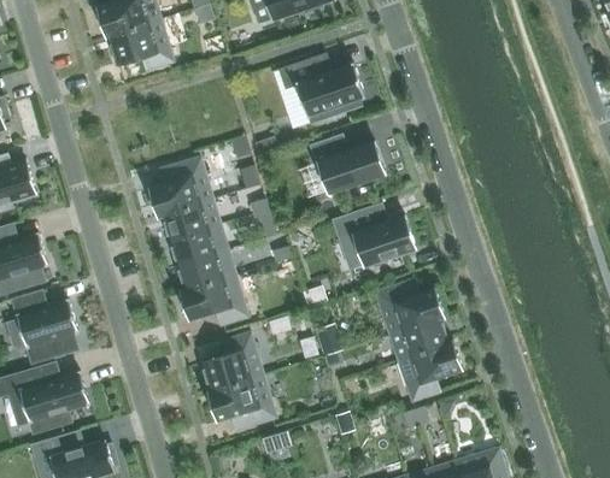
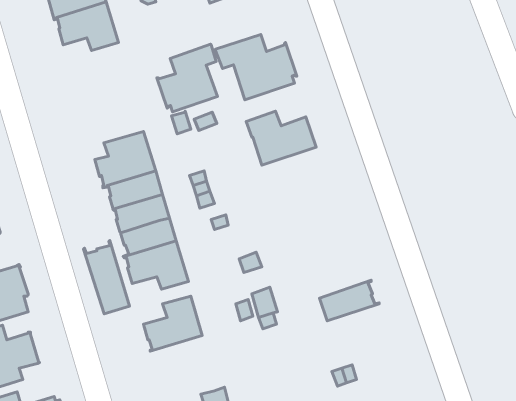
building: none -> [157,44,218,112]
building: [332,203,416,265] -> none
building: none -> [83,241,130,314]
building: [374,278,444,335] -> none
building: [397,341,462,401] -> none
building: [207,374,276,430] -> none

